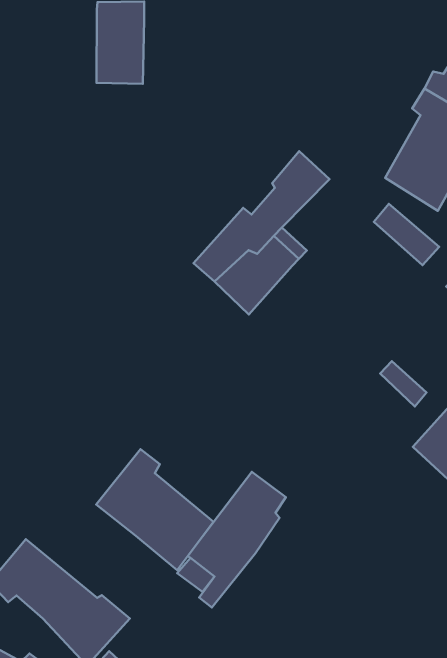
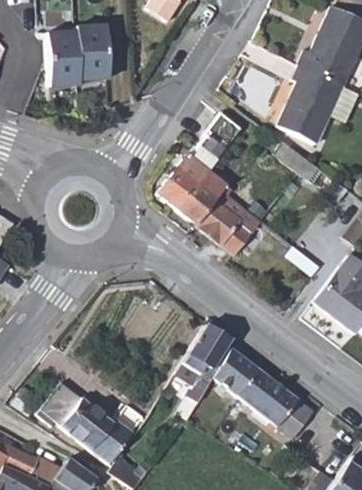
building: none -> [48,27,82,84]
building: none -> [196,187,261,252]
building: [96,449,213,570] -> none
building: none -> [214,350,315,439]

